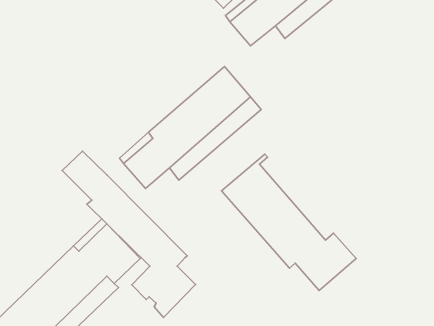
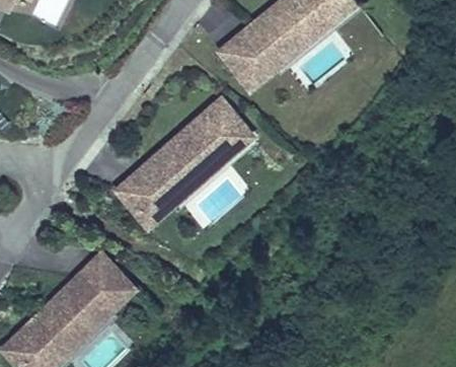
building: [62,151,196,318] -> none
building: [222,154,356,291] -> none

